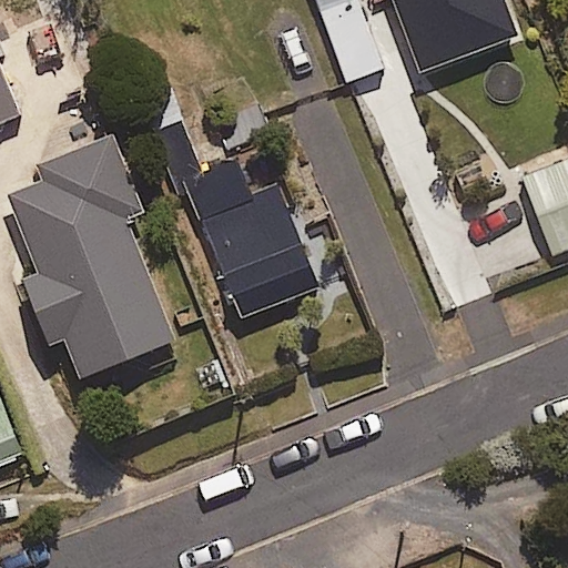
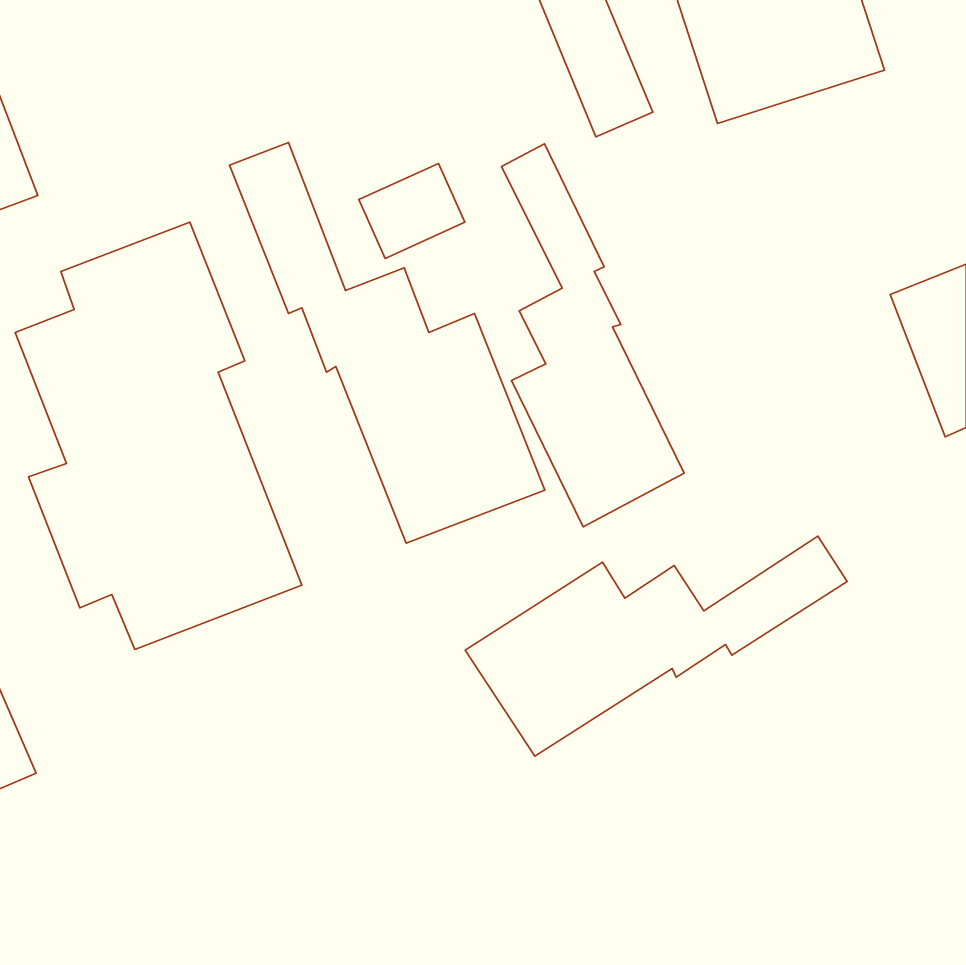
building: none -> [501,144,684,527]
building: none -> [465,536,847,756]

